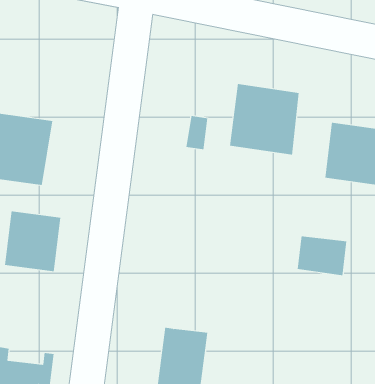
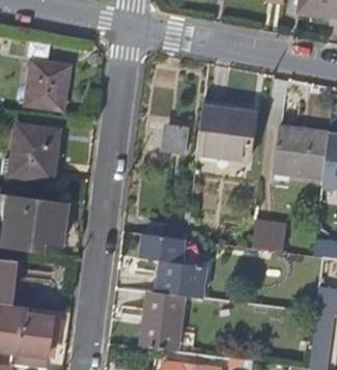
building: none -> [26,61,68,107]
building: none -> [140,233,203,297]

